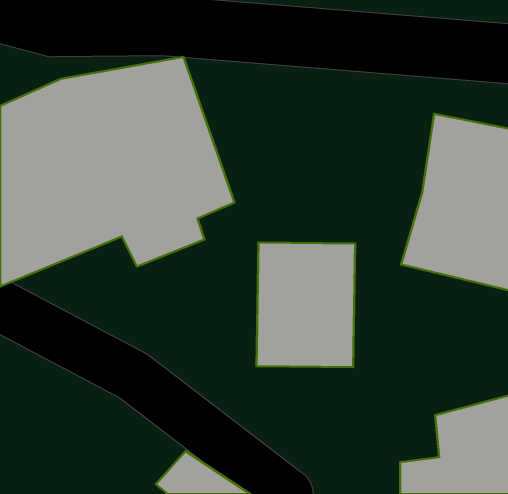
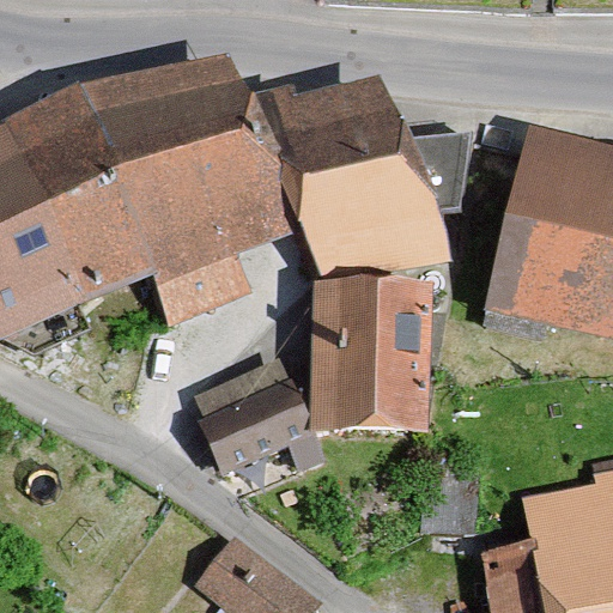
building: none -> [253,83,454,286]
building: none -> [198,383,310,475]

